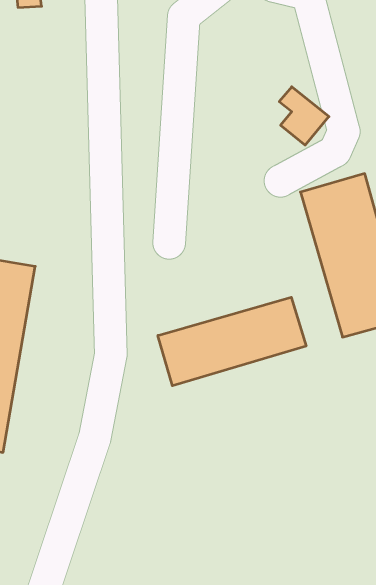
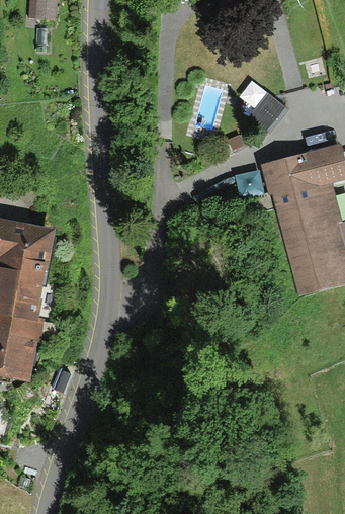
building: [158,297,306,386] -> none

